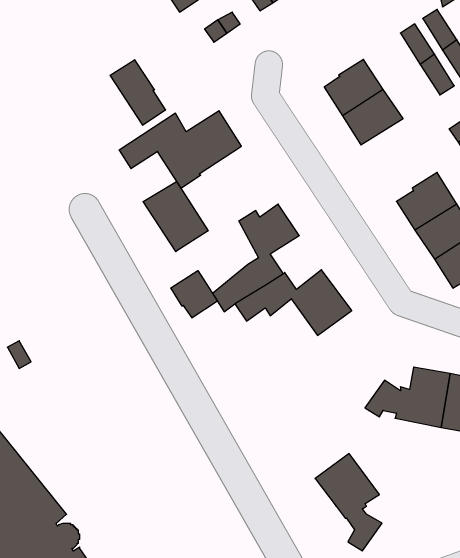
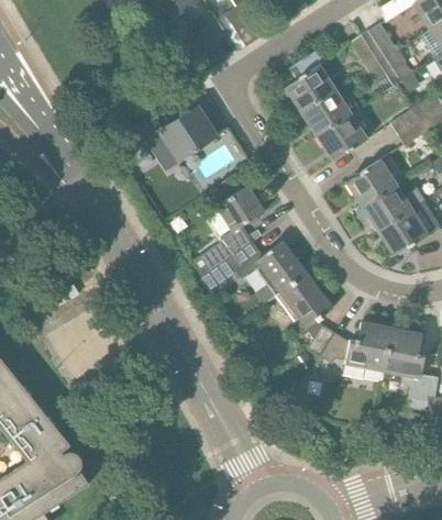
building: [110,60,166,125] -> none
building: none -> [317,113,367,161]
building: [143,182,208,252] -> none
building: [171,271,218,318] -> none
building: [315,454,382,551] -> [280,274,336,355]

